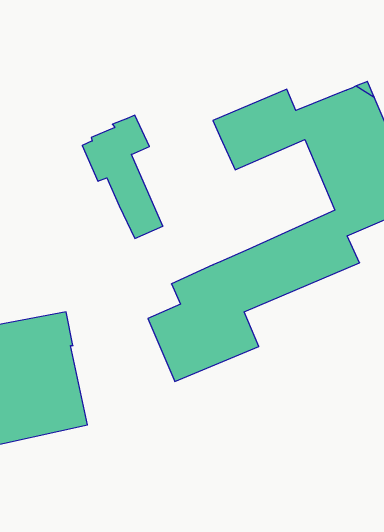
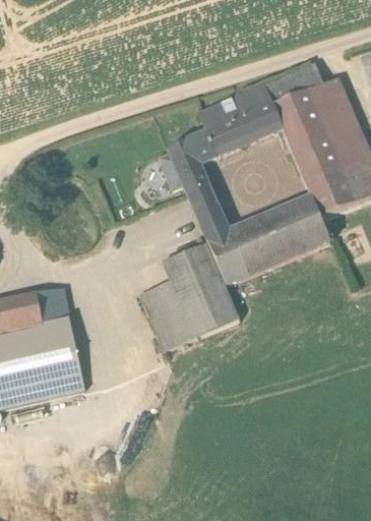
building: none -> [264,61,323,103]
building: [82,115,163,238] -> [157,128,230,240]

